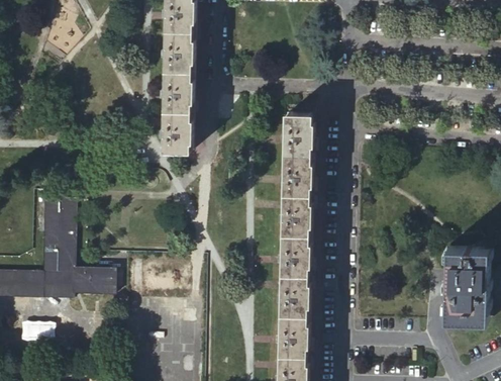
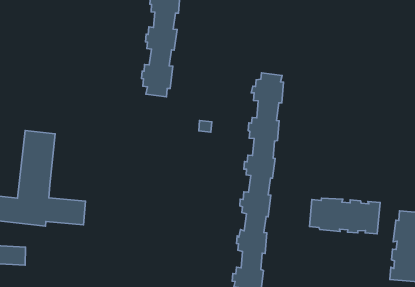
building: none -> [310,198,380,234]

